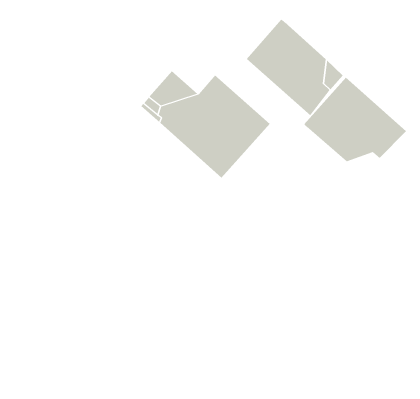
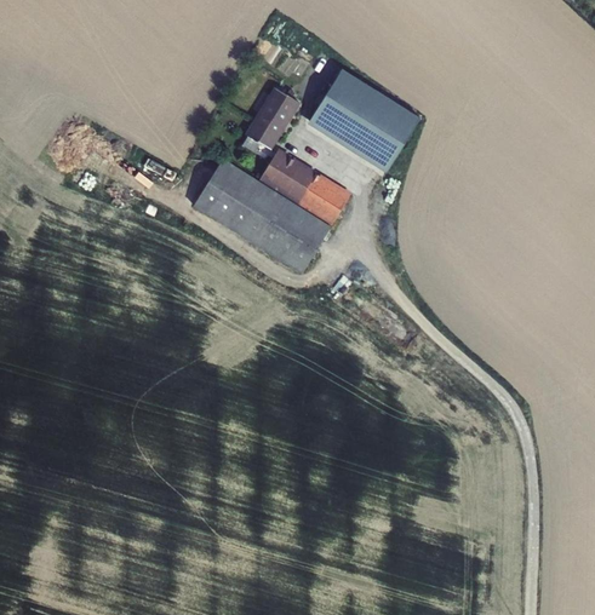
building: none -> [247,87,297,146]
building: [303,77,407,162] -> none

